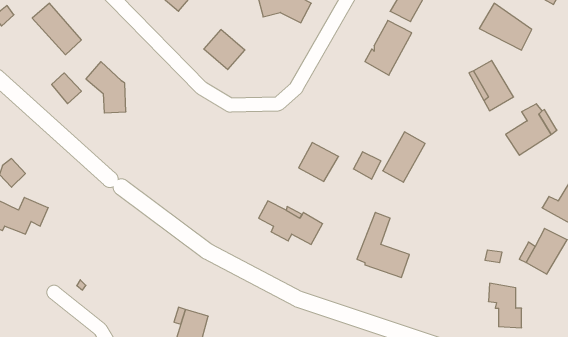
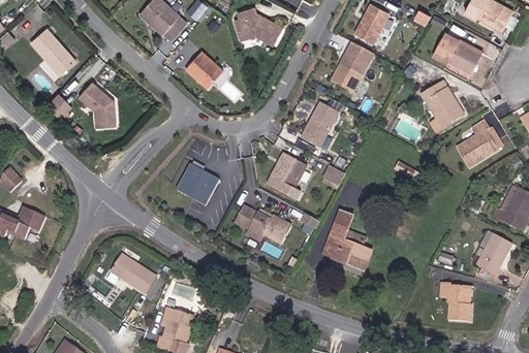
building: [383,132,425,182] -> [302,105,340,151]
building: none -> [176,165,219,207]
building: none -> [111,251,155,290]

